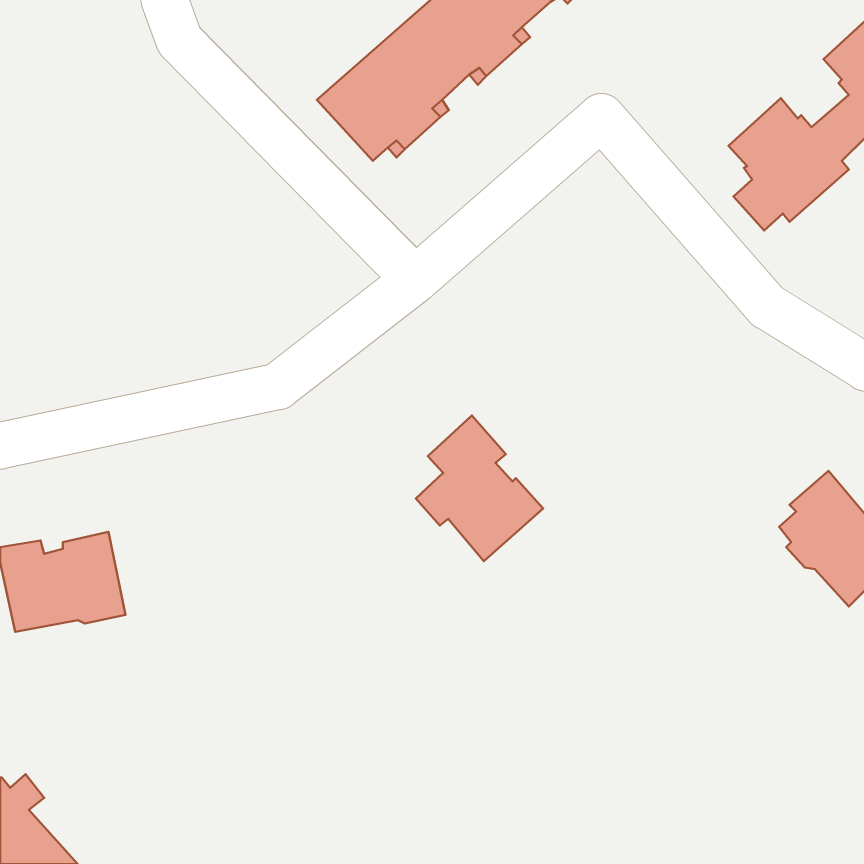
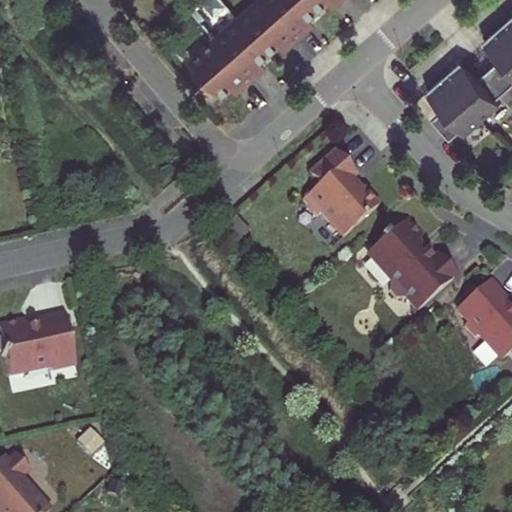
building: none -> [371,216,458,308]
building: [416,415,543,561] -> [303,148,378,234]

